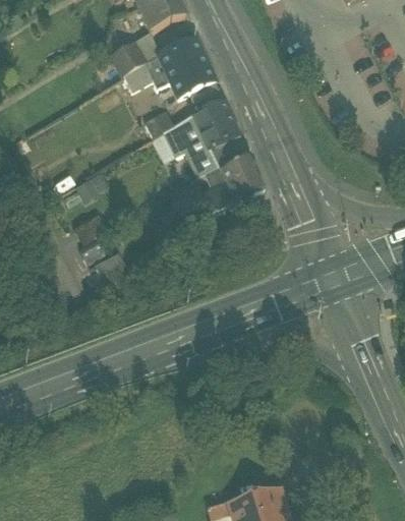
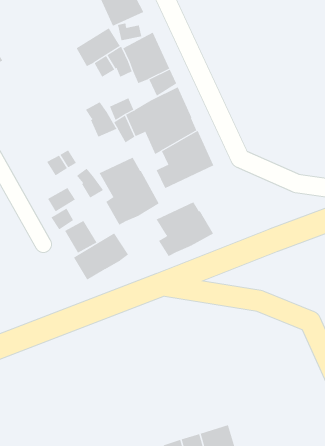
building: none -> [85,102,117,138]
building: none -> [99,157,160,226]
building: none -> [76,168,104,198]
building: none -> [156,202,214,257]
building: none -> [73,233,129,280]

